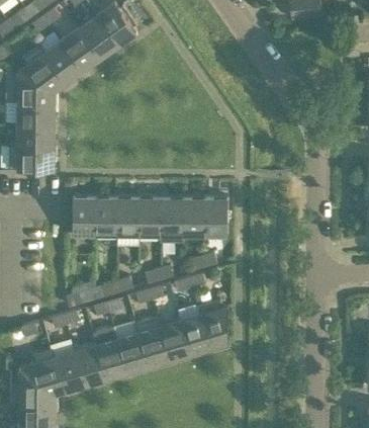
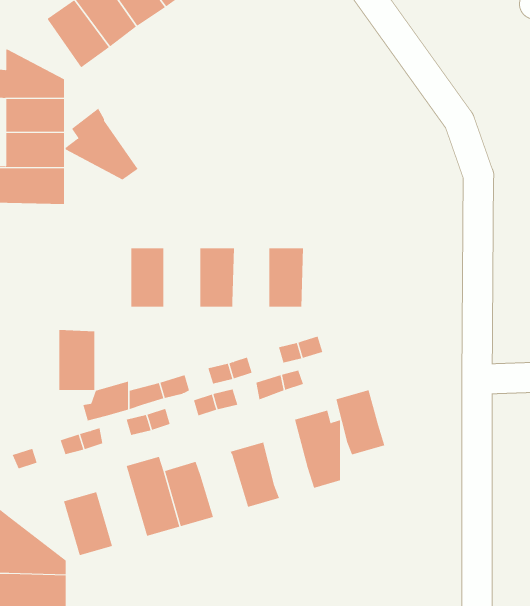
building: [18,46,65,91] -> [65,108,139,180]
building: [73,196,96,235] -> [58,330,95,391]
building: [117,197,140,235] -> none
building: [161,197,183,243] -> none
building: [204,197,227,236] -> none
building: [180,314,211,355] -> [335,389,385,455]
building: [135,319,170,367] -> none
building: [75,345,106,386] -> none
building: [20,349,64,395] -> none

